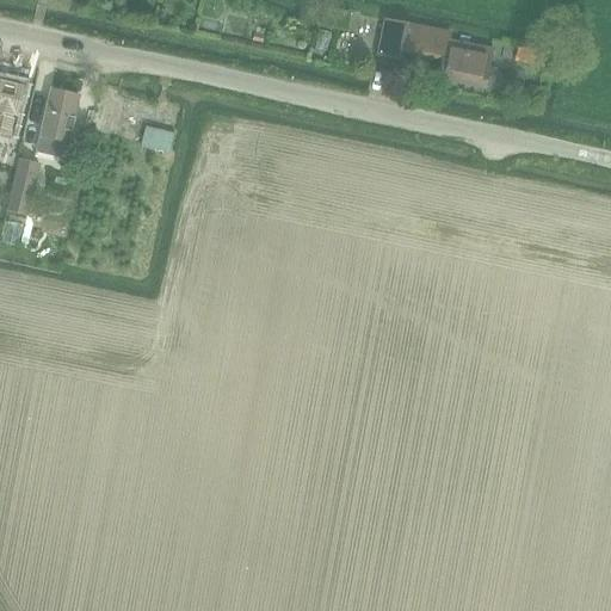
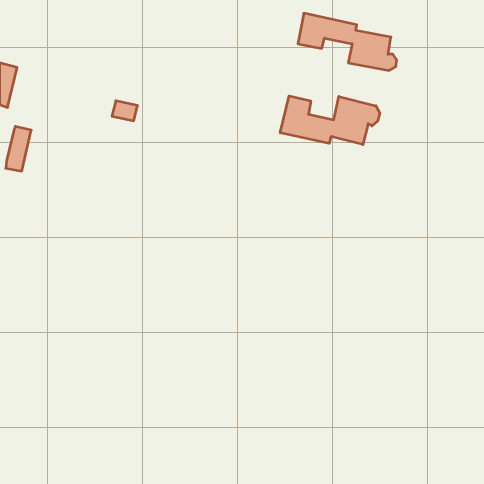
building: [39,90,80,144] -> none
building: none -> [280,96,380,145]

